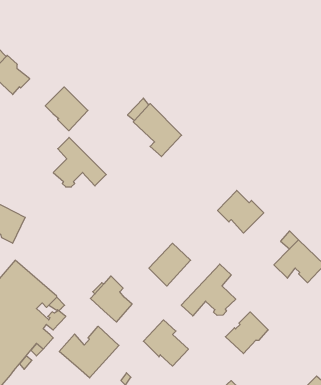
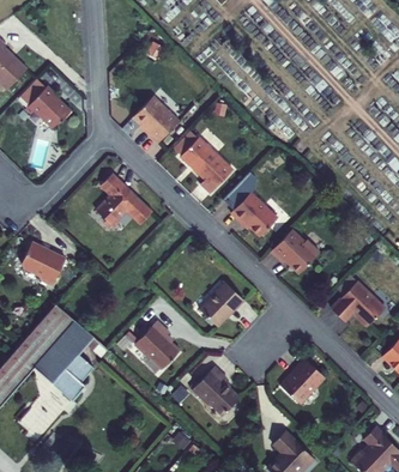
building: [45,87,88,131] -> [133,96,179,143]
building: none -> [231,192,278,236]
building: [181,264,236,316] -> none
building: [59,326,119,378] -> none

